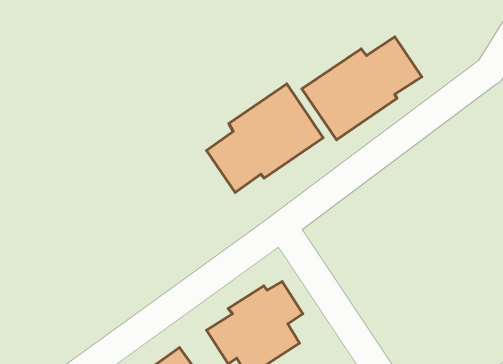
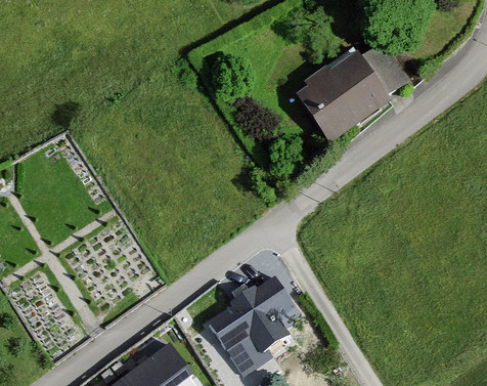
building: [206,84,323,193] -> none

